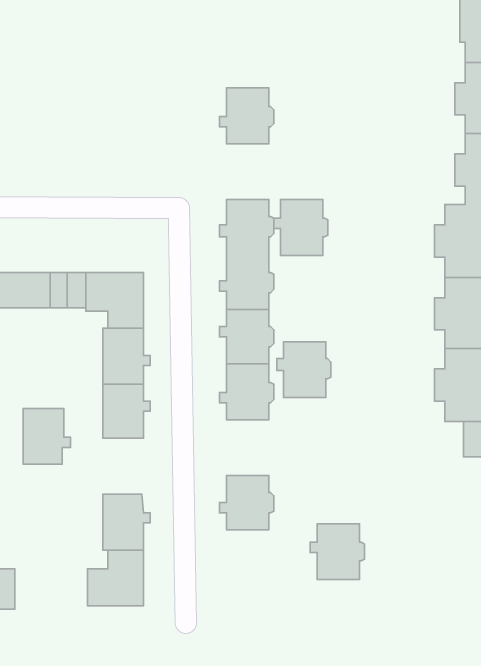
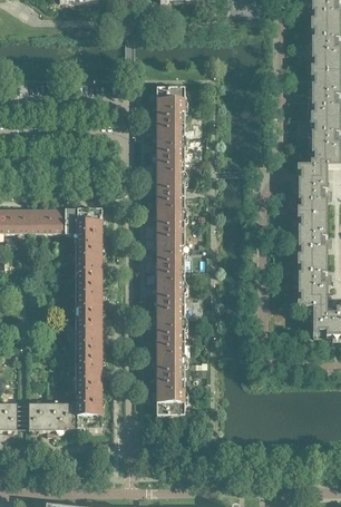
building: [274,200,328,256] -> [152,123,187,159]
building: [277,342,331,398] -> [152,304,187,341]
building: [23,408,70,464] -> [75,316,106,353]
building: [310,524,364,580] -> [152,377,187,413]
building: none -> [28,402,65,433]

